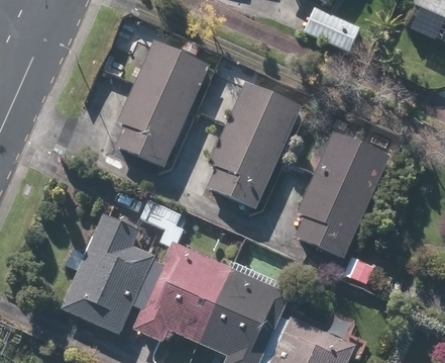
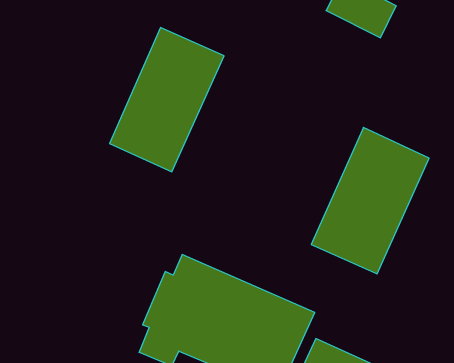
building: [202,81,302,210] -> none
building: [64,211,156,333] -> none

